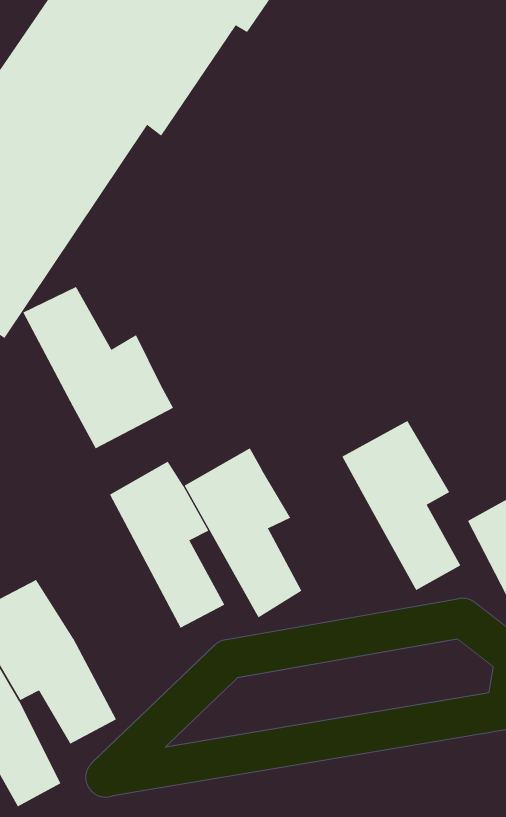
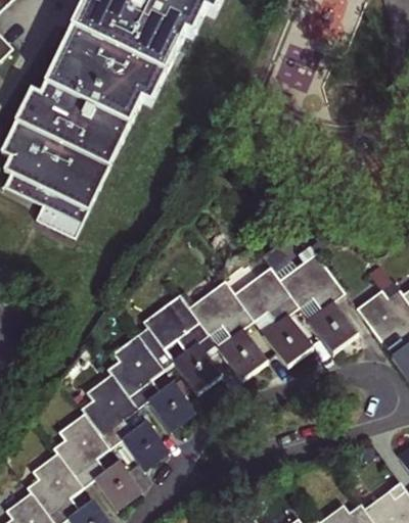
building: [22,286,174,449] -> none
building: none -> [233,269,313,366]
building: none -> [107,336,193,431]

